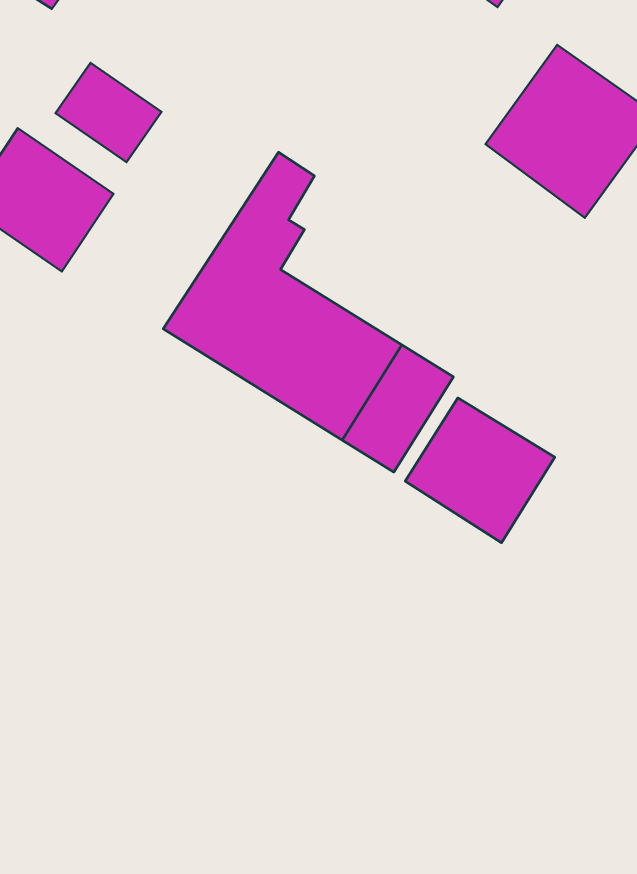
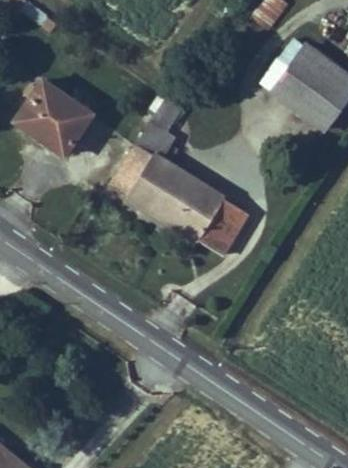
building: [55,63,162,162] -> none
building: [405,398,555,543] -> none

